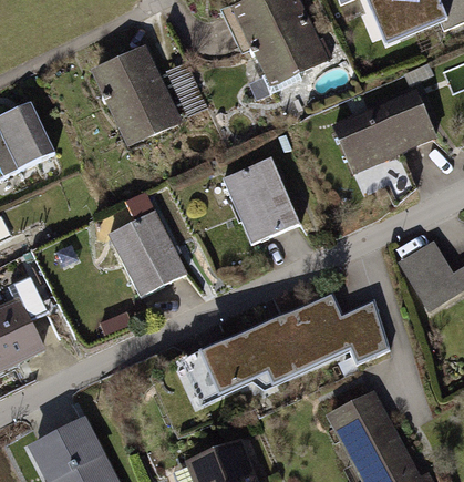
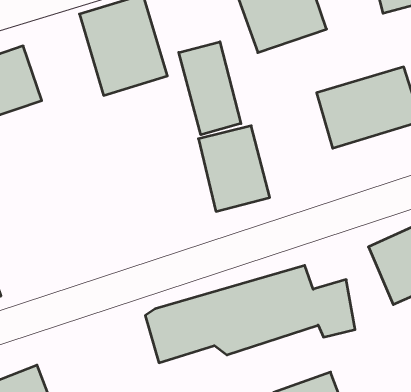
building: none -> [179,42,241,135]
building: [102,212,184,299] -> none

